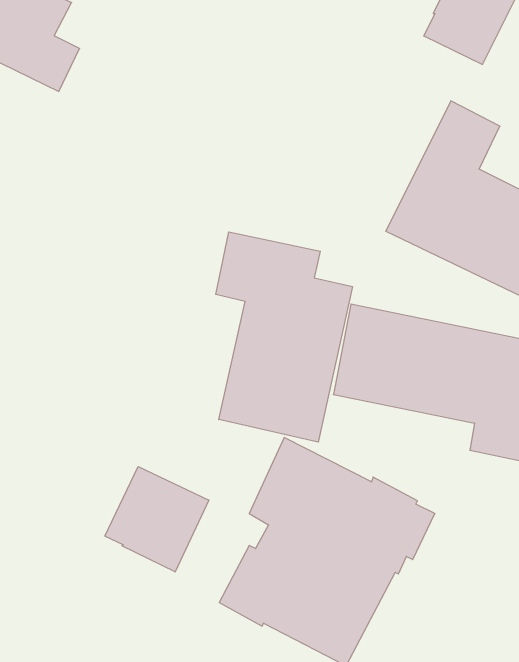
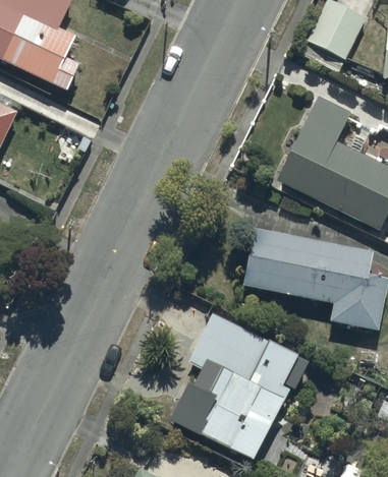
building: [216,232,352,442] -> none
building: [105,467,209,572] -> none

